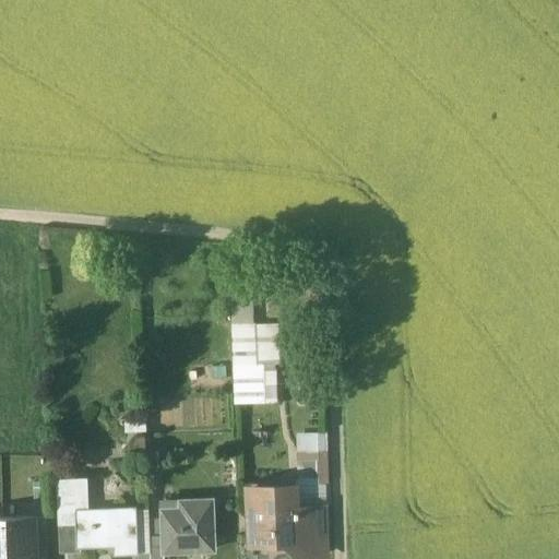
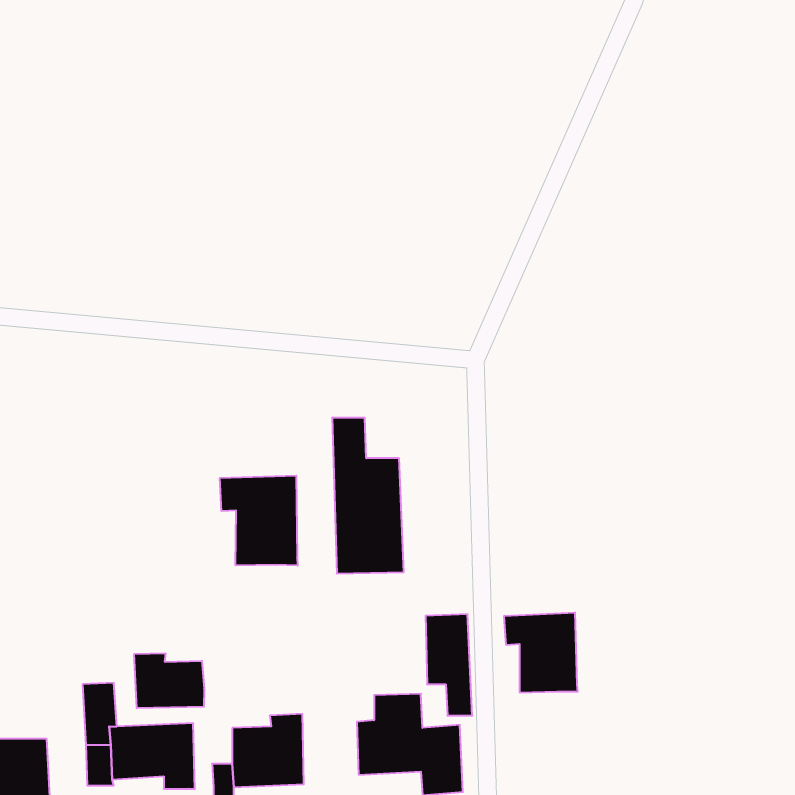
building: none -> [220,476,298,566]
building: none -> [504,612,577,693]
building: none -> [134,653,204,708]

